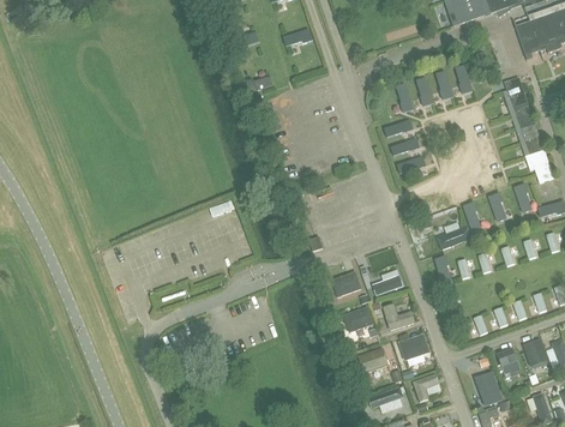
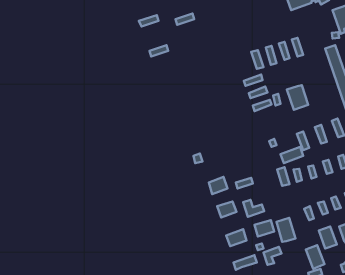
building: none -> [287,85,308,110]
building: none -> [276,218,295,242]

